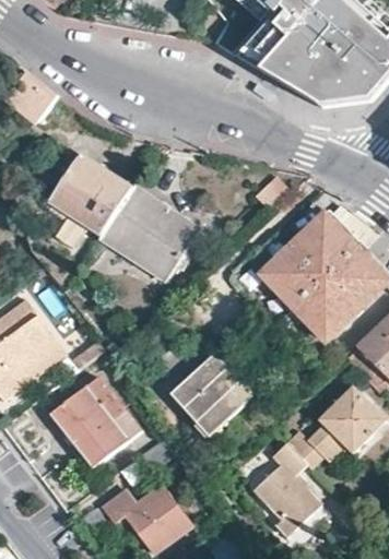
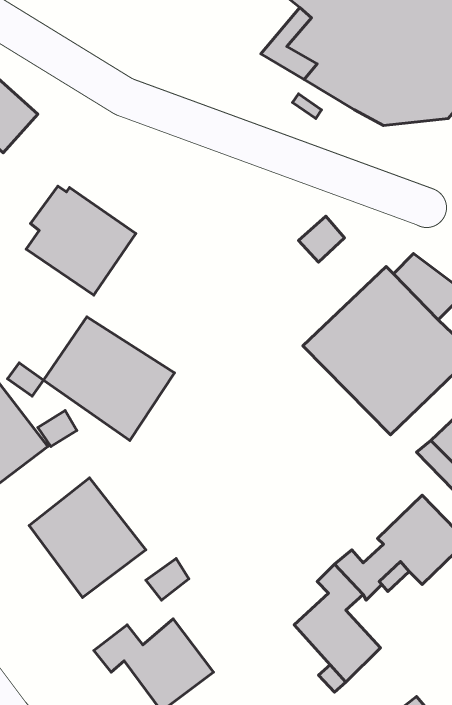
building: [102,187,201,281] -> [44,317,175,441]
building: [169,353,240,436] -> none

